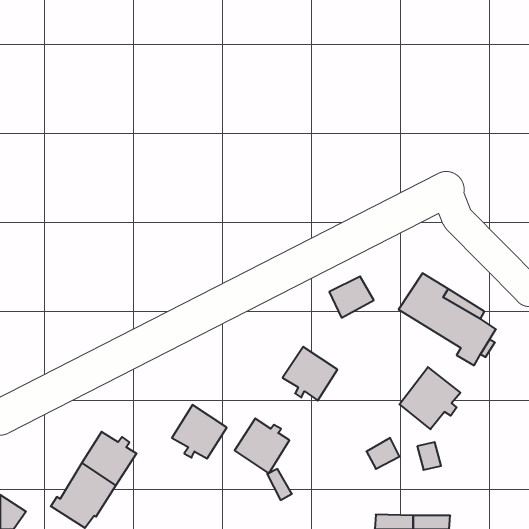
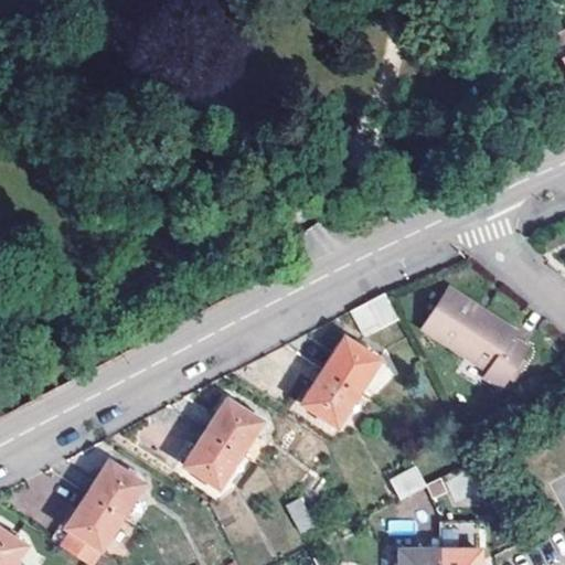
building: none -> [323,337,381,394]
building: [399,367,460,429] -> none
building: [235,418,289,473] -> [205,397,264,456]

